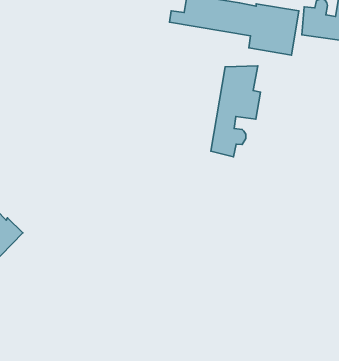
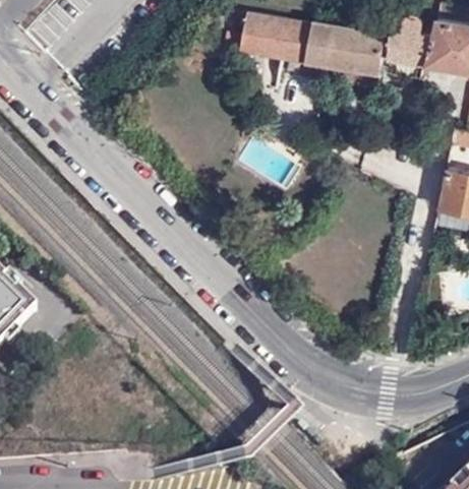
building: [211,66,260,157] -> none

